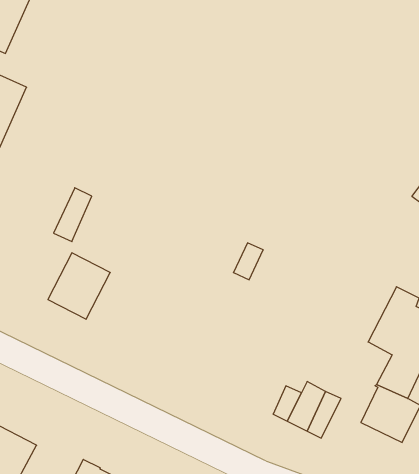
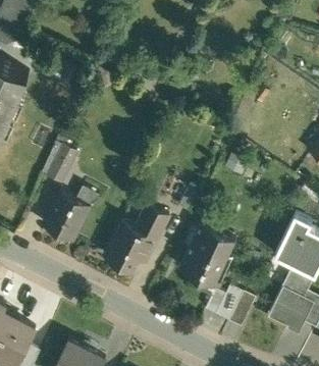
building: none -> [104,206,168,272]
building: none -> [179,222,235,285]

